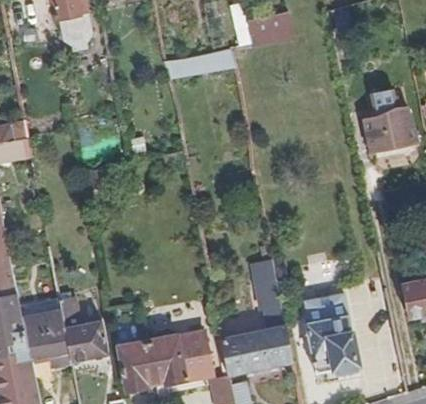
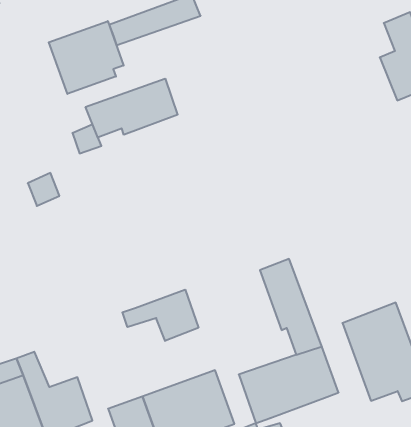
building: none -> [49,21,124,94]
building: none -> [86,79,178,137]
building: none -> [122,290,198,341]

